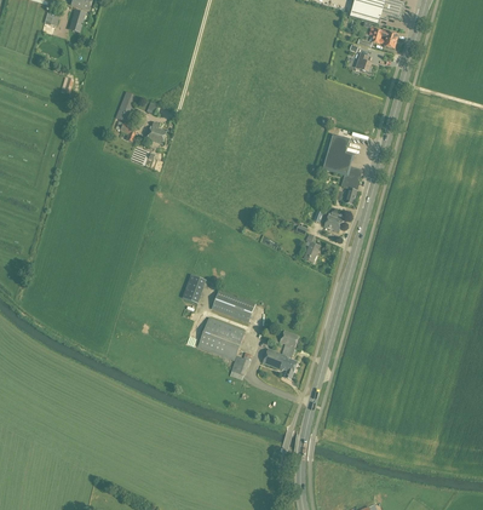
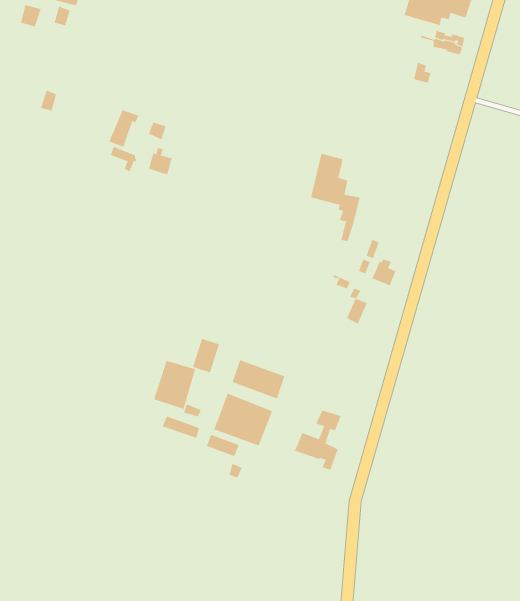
building: [321,133,361,204] -> [310,153,360,242]
building: none -> [153,360,196,410]

